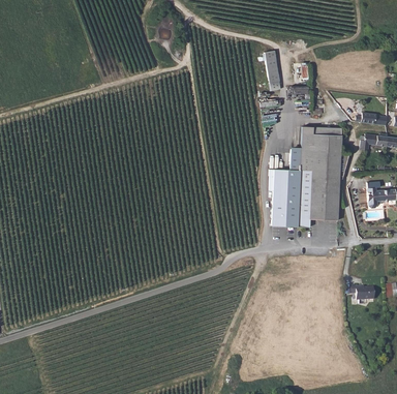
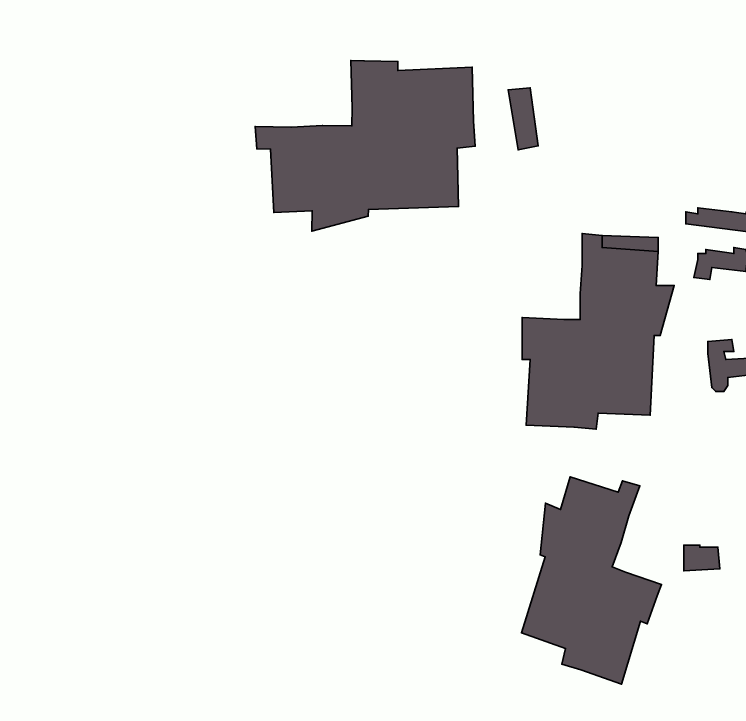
building: none -> [255,61,475,231]
building: none -> [521,477,661,684]

